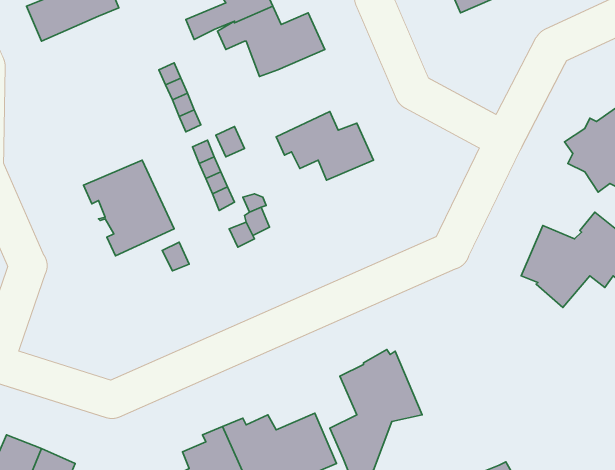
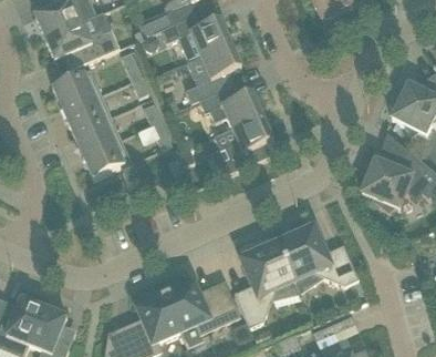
building: none -> [43,13,118,60]
building: none -> [185,41,240,101]
building: none -> [51,68,110,131]
building: none -> [214,114,272,169]
building: none -> [277,225,357,284]

